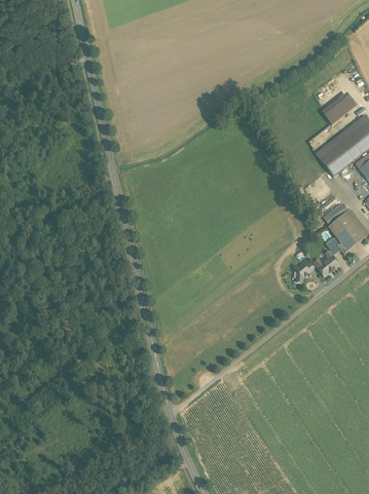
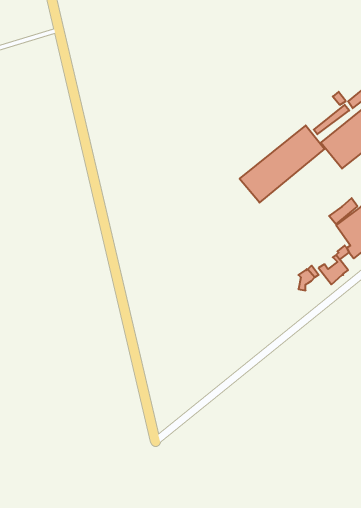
building: none -> [240,125,324,203]

